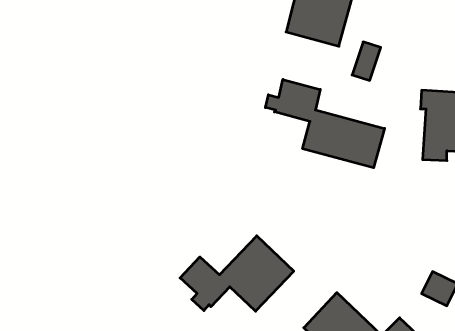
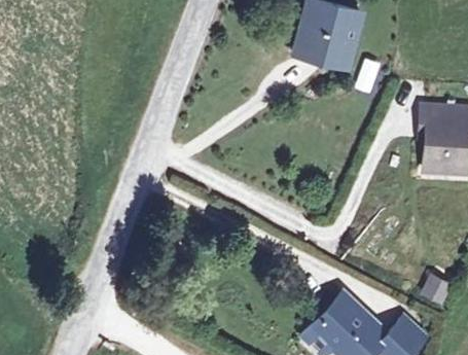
building: [265,79,385,168] -> none
building: [180,236,294,311] -> none

